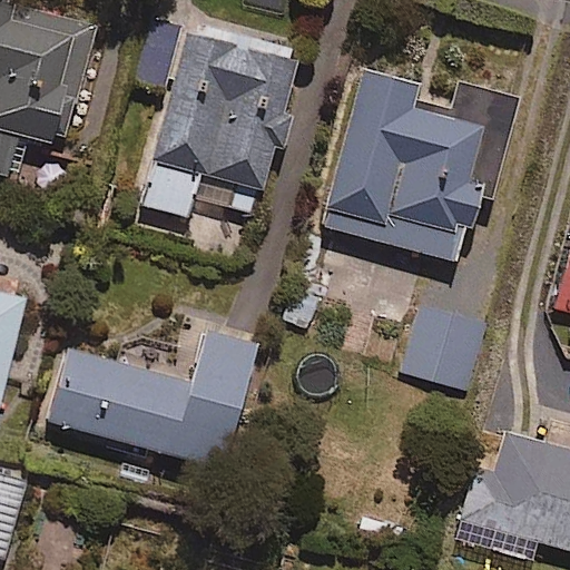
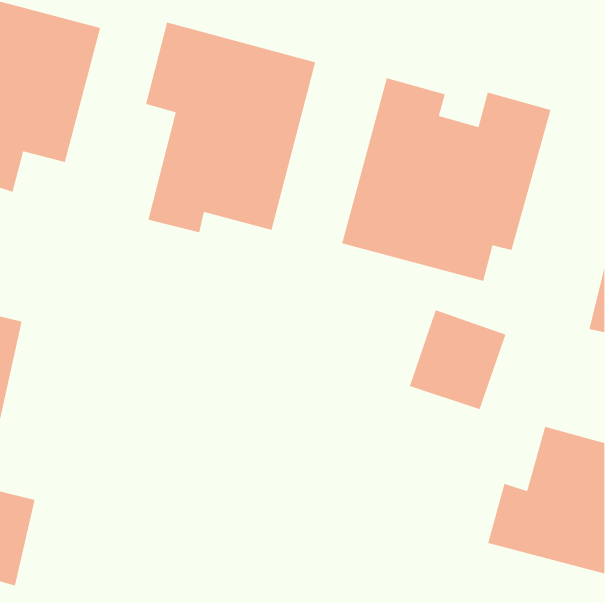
building: [50,317,273,464] -> none

